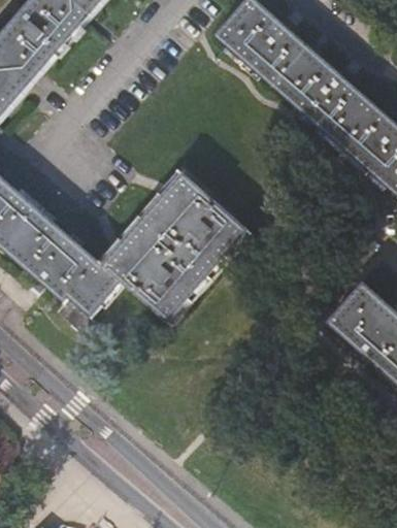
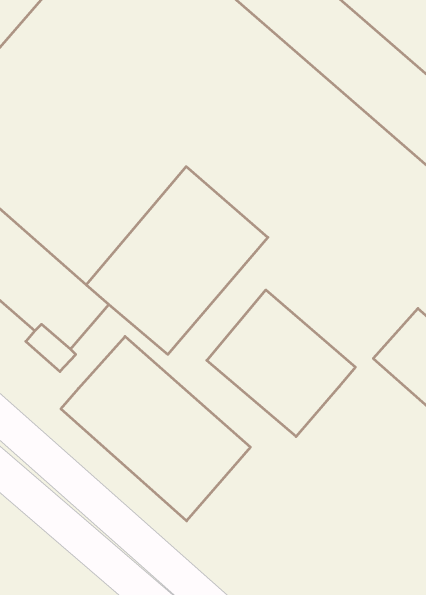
building: none -> [207,290,355,437]
building: none -> [61,336,250,521]

